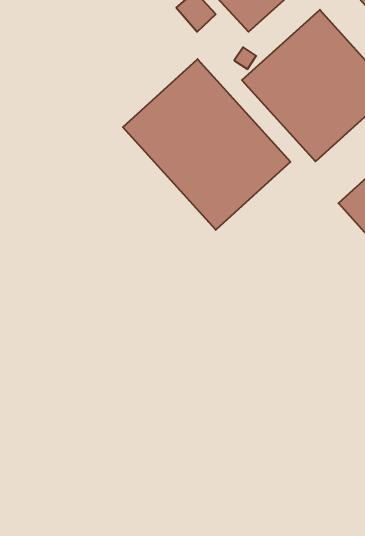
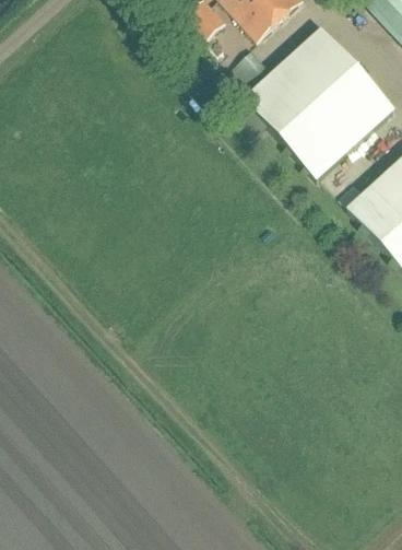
building: [123,59,290,230] -> none

